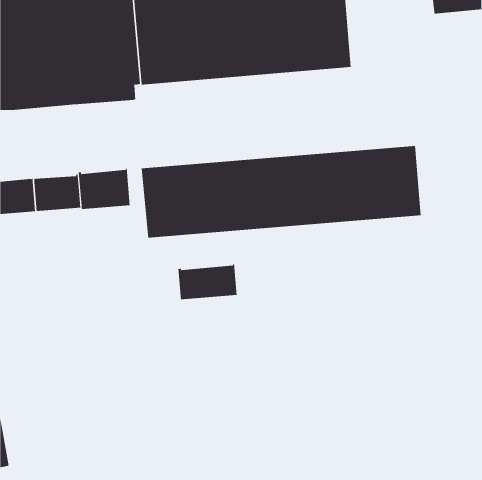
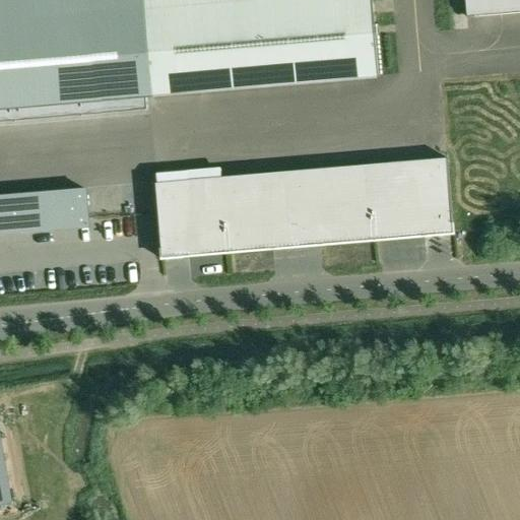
building: [78,168,130,210] -> none
building: [178,264,237,300] -> none

